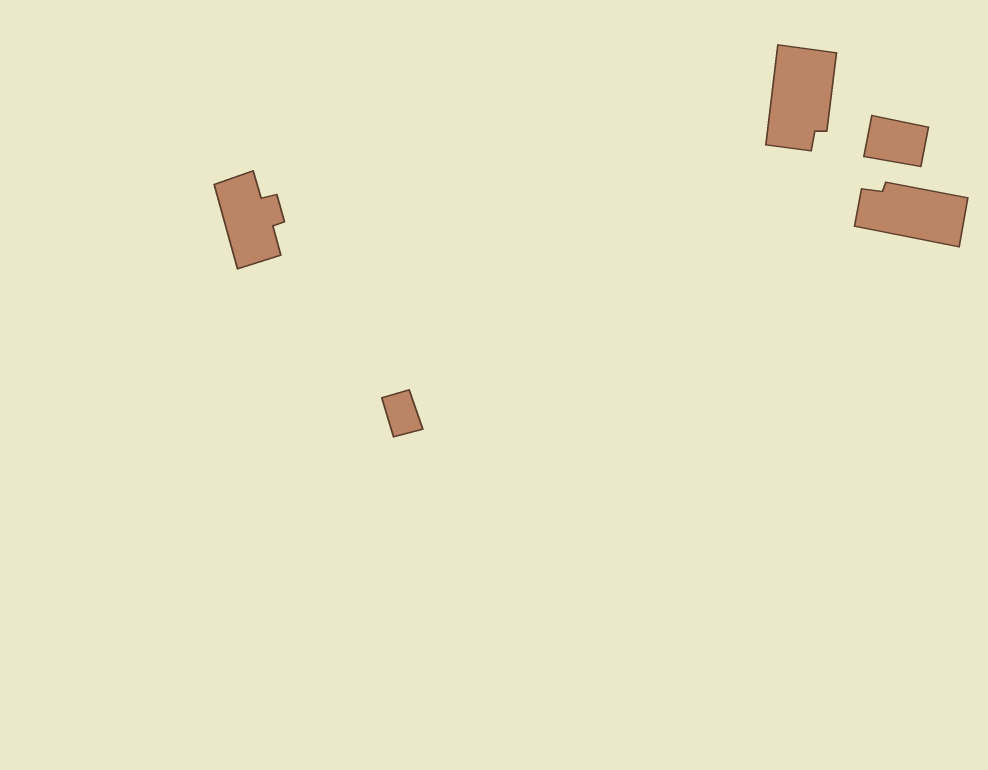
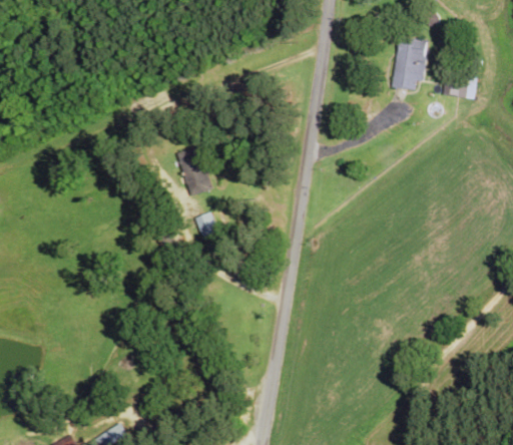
building: [214,171,285,269] -> [178,146,214,196]
building: [855,182,968,247] -> none

